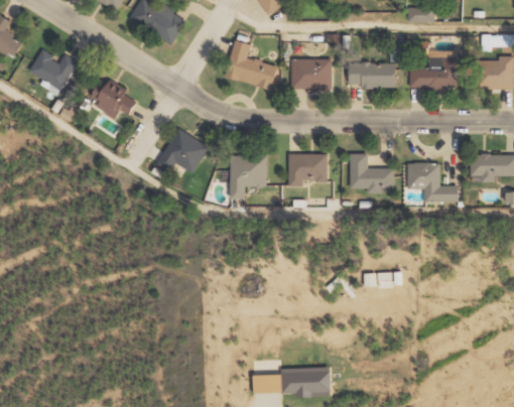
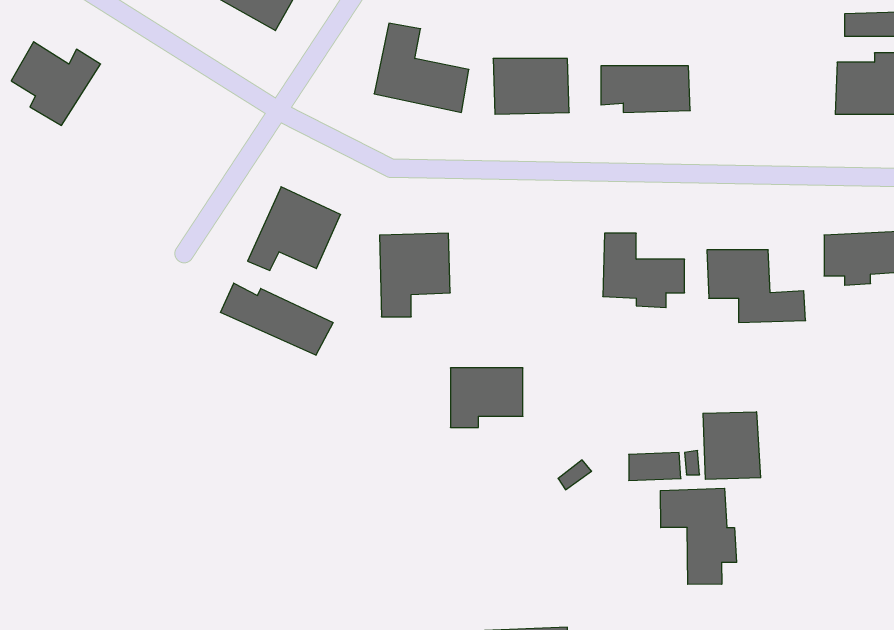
building: [408,55,459,89] -> none
building: [89,87,138,117] -> none
building: [288,154,328,186] -> [450,368,523,427]
building: none -> [221,283,333,355]
building: none -> [703,412,761,479]
building: none -> [660,488,737,584]

